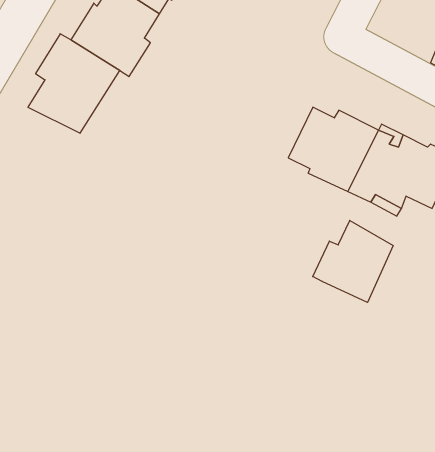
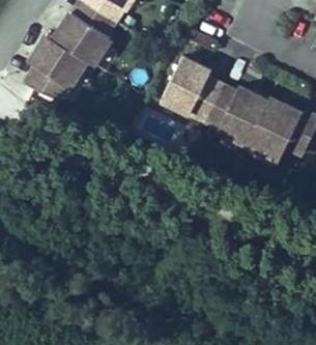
building: none -> [162,54,221,117]
building: [313,220,393,302] -> none

